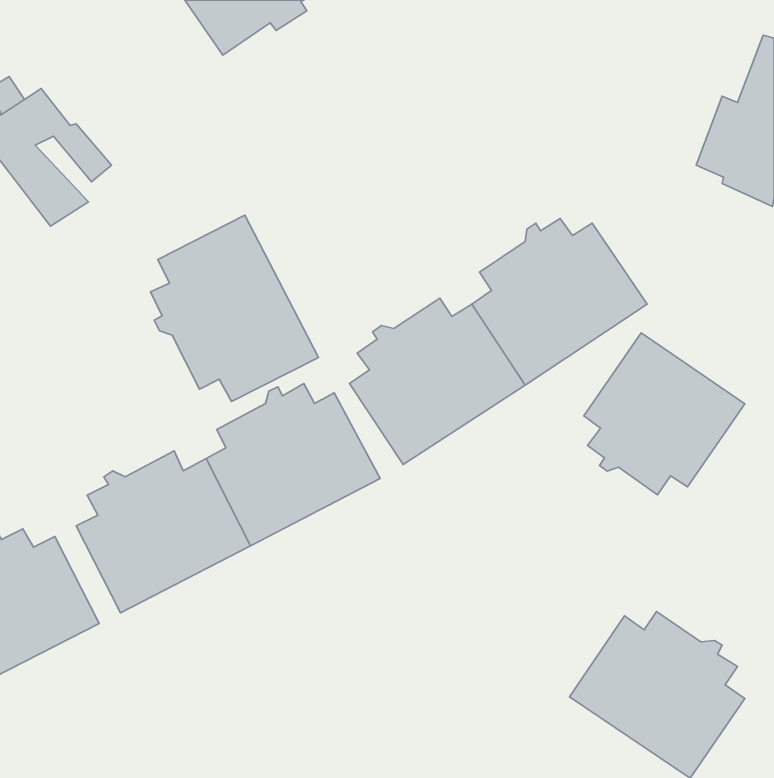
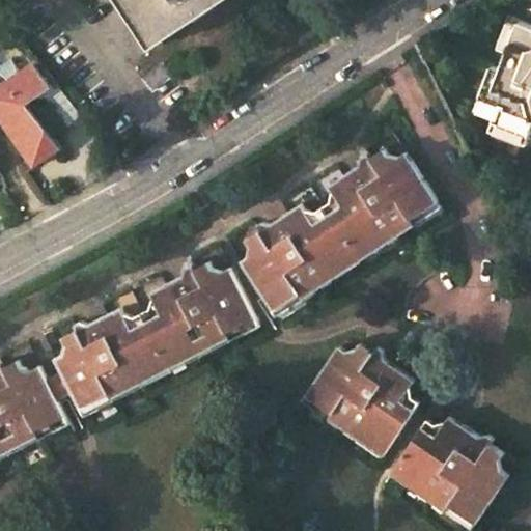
building: [150,215,318,402] -> none
building: [584,333,745,495] -> none
building: none -> [299,344,417,457]

